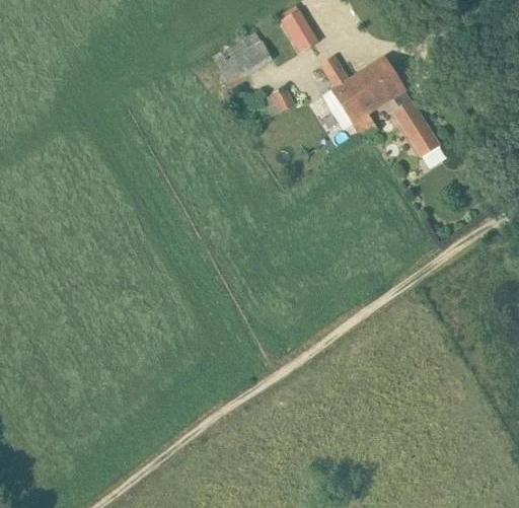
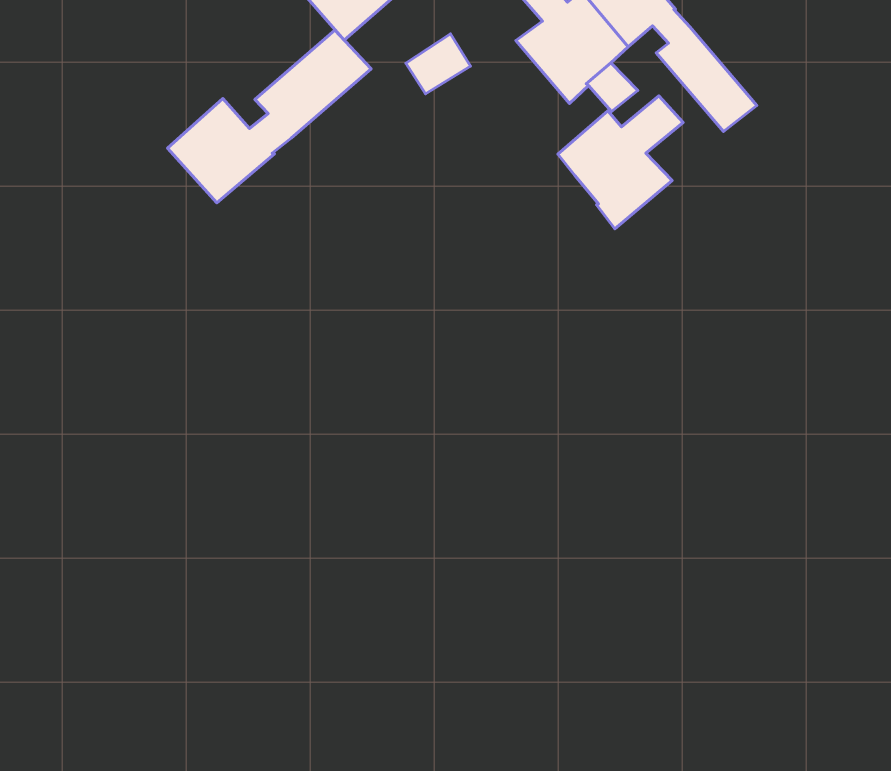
building: none -> [168,30,371,203]
building: none -> [558,96,683,229]

